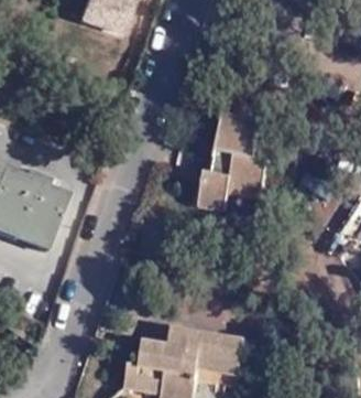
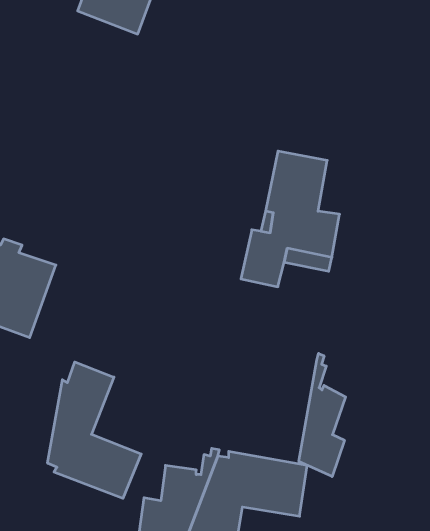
building: none -> [299,353,346,477]
building: none -> [48,362,141,498]

